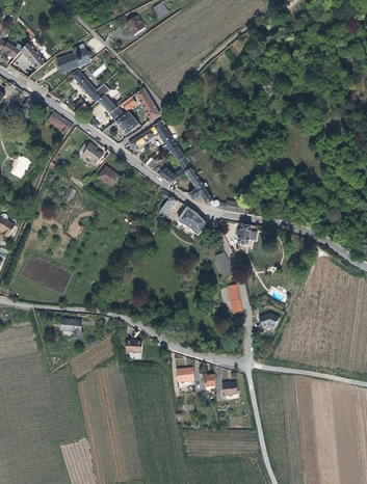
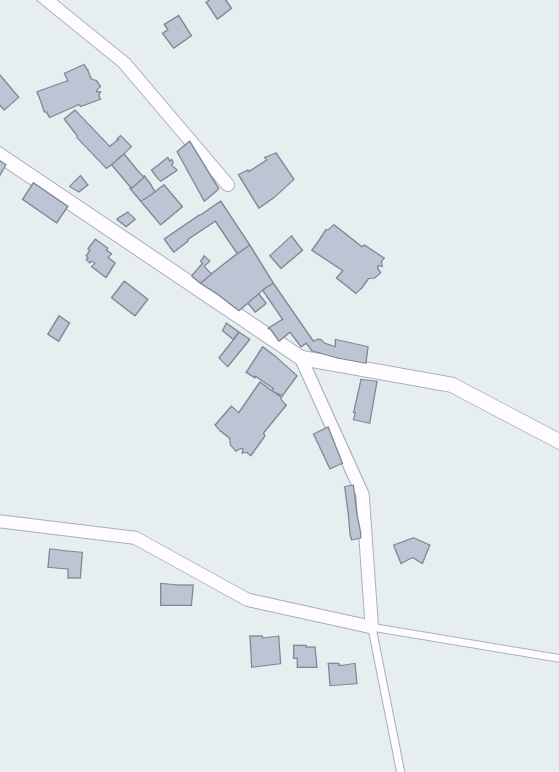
building: none -> [239,153,294,208]
building: none -> [312,225,384,294]
building: none -> [215,382,286,456]

